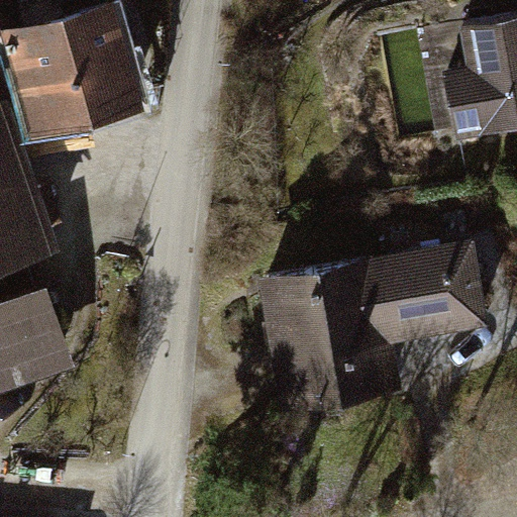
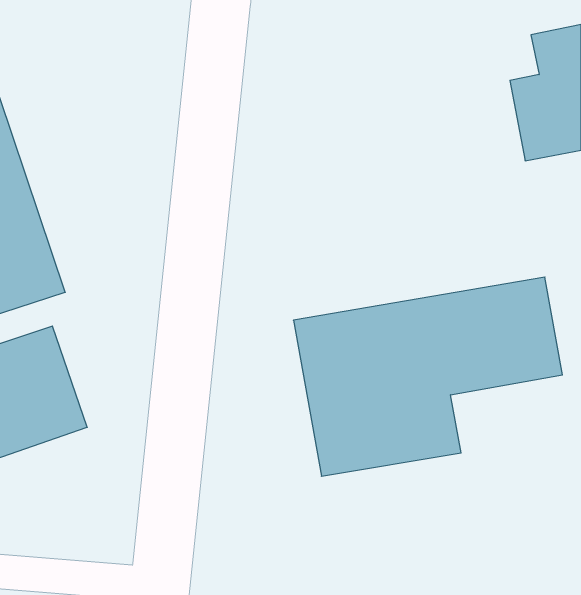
building: [6,7,148,142] -> none

